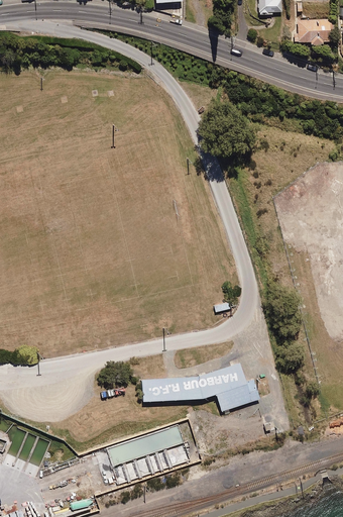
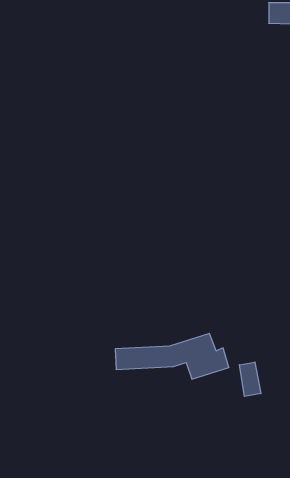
building: none -> [239,362,261,396]

